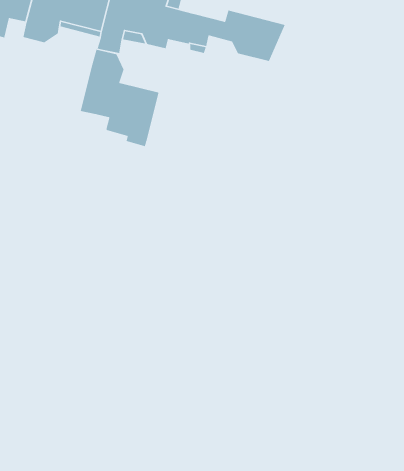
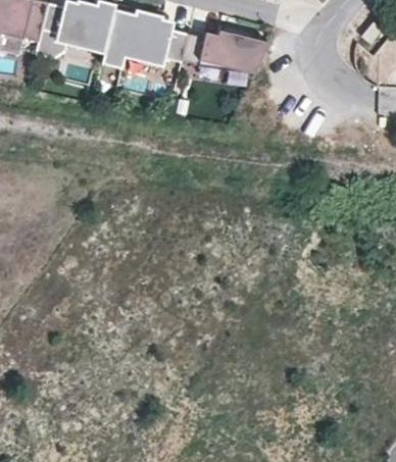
building: [80,49,160,147] -> none

